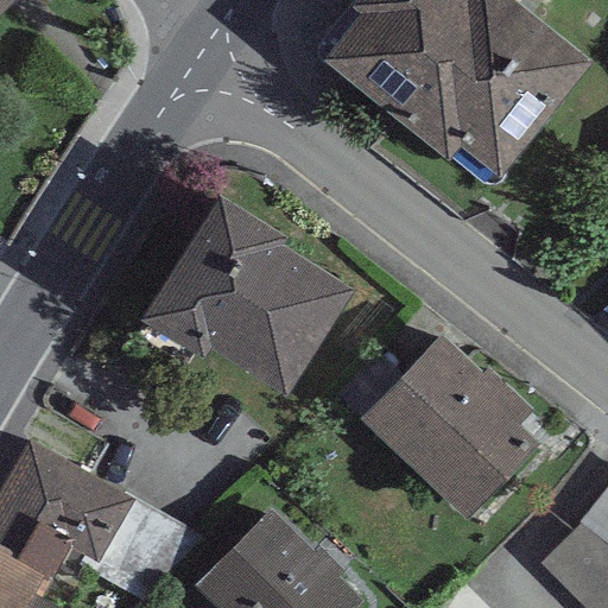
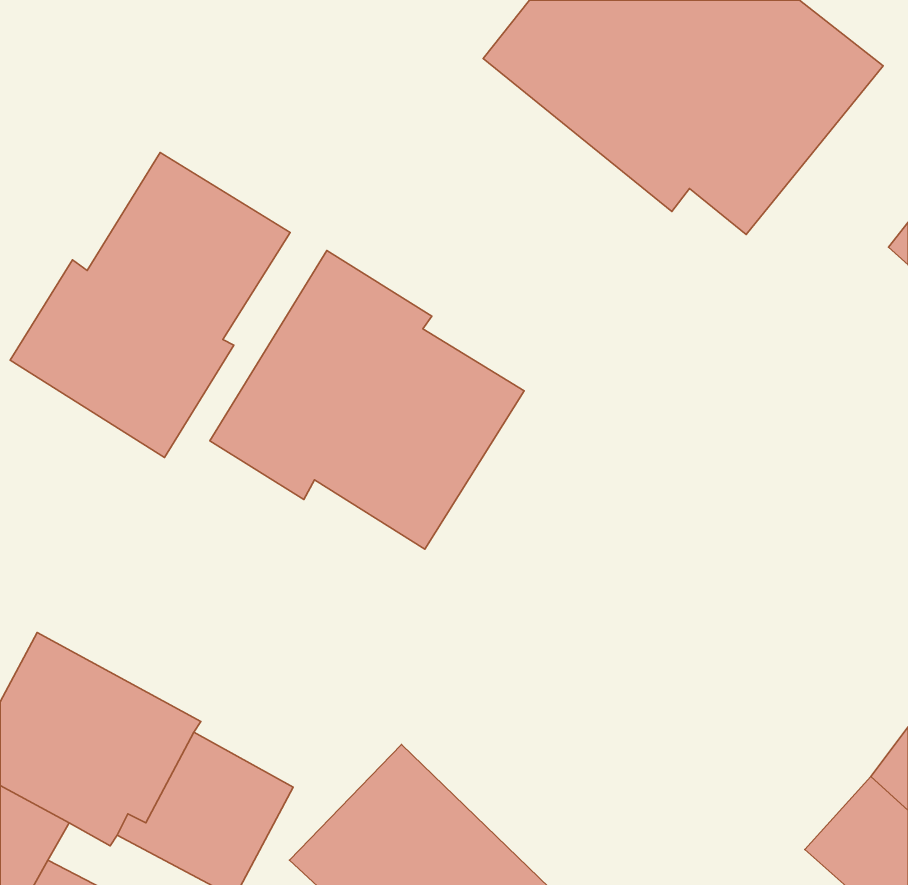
building: none -> [10,152,290,458]
building: [359,335,538,521] -> none

